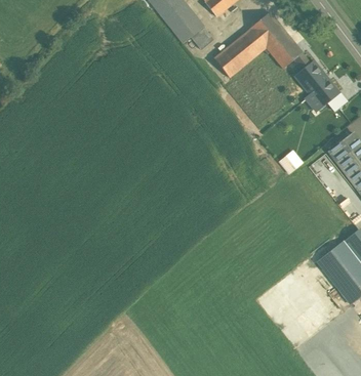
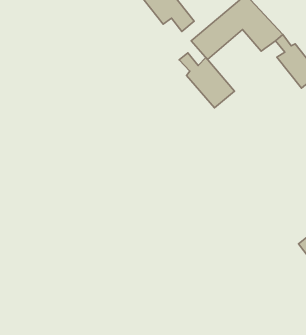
building: none -> [179,53,235,108]

